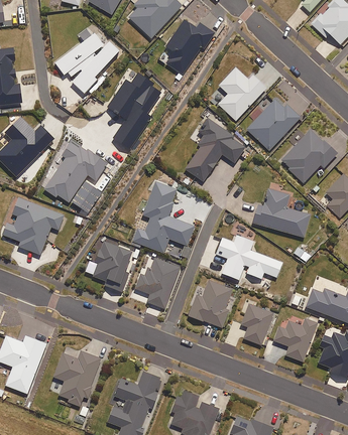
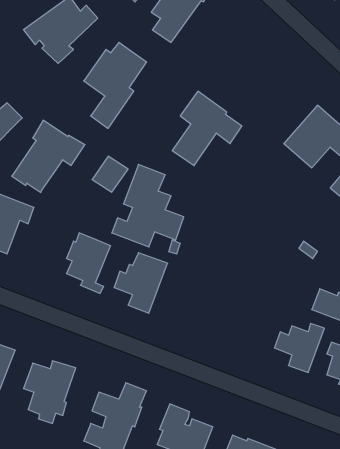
building: [218,67,266,121] -> none
building: [246,98,301,151] -> none
building: [71,182,102,213] -> [92,156,128,192]
building: [251,187,310,237] -> none
building: [201,234,281,279] -> none
building: [187,279,232,327] -> none
building: [240,303,272,344] -> none

